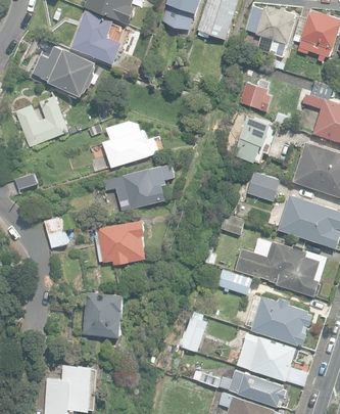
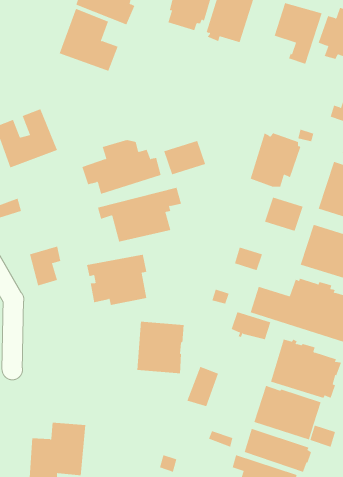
building: [33,48,97,98] -> none
building: [239,79,272,112] -> none
building: none -> [163,140,206,175]
building: [83,292,124,337] -> [137,321,184,374]

